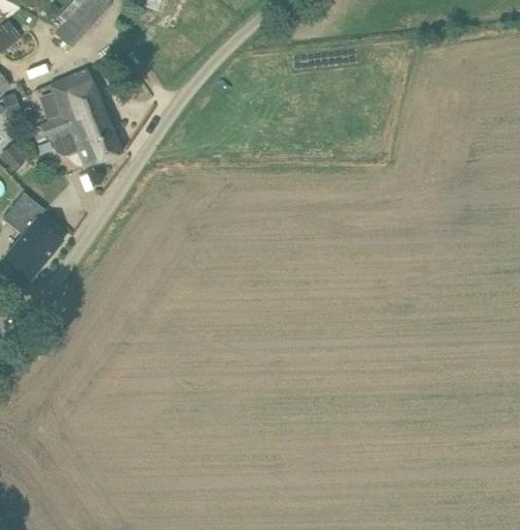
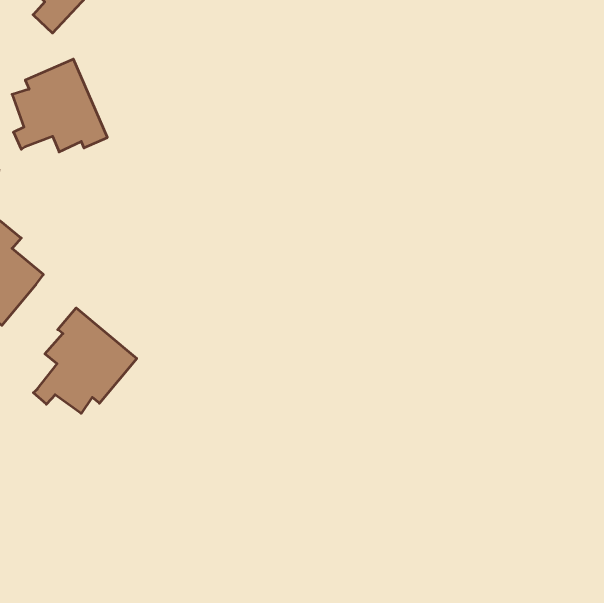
building: [48,128,121,166] -> none
building: none -> [33,308,137,413]

